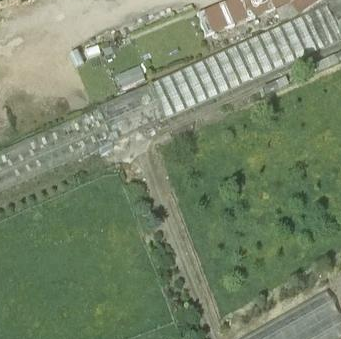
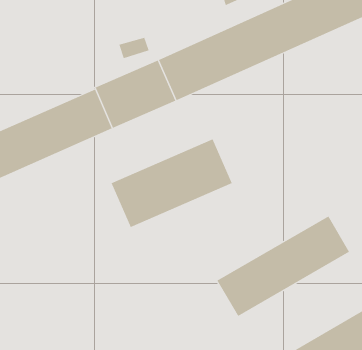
building: none -> [111,138,232,228]
building: none -> [217,215,350,317]

